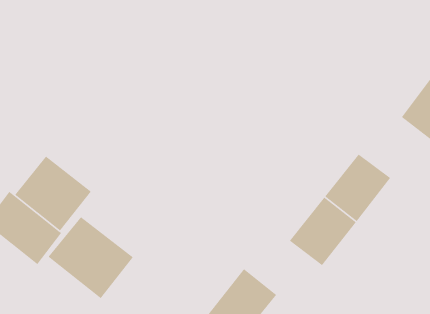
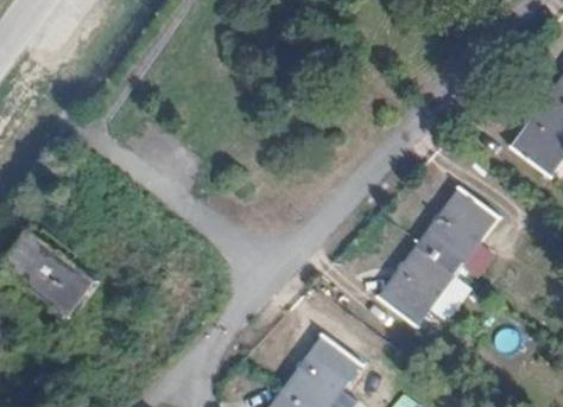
building: [14,156,92,232] -> none
building: [47,216,134,299] -> none

